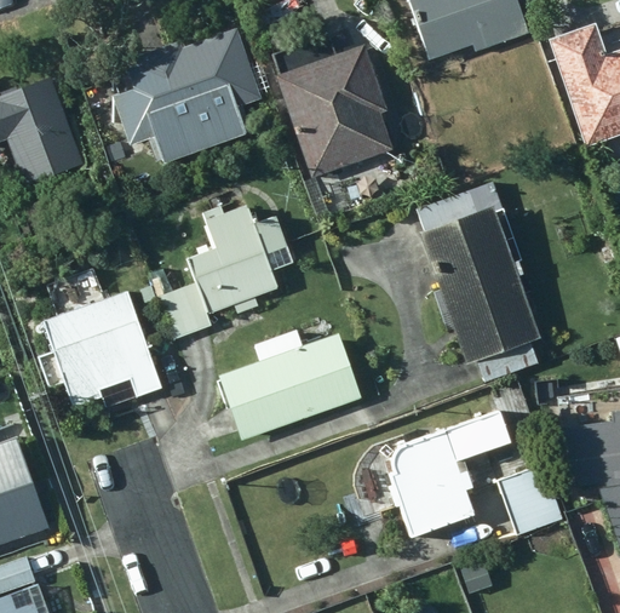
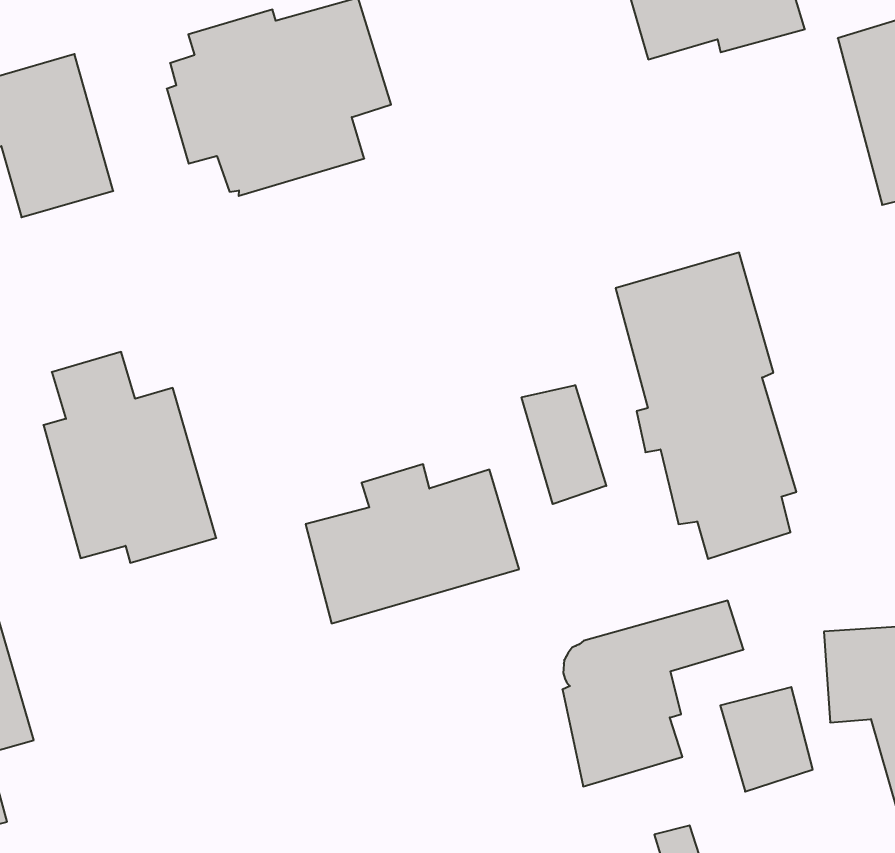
building: [274,34,392,177] -> none
building: [160,200,293,338] -> none
building: none -> [522,385,606,504]

